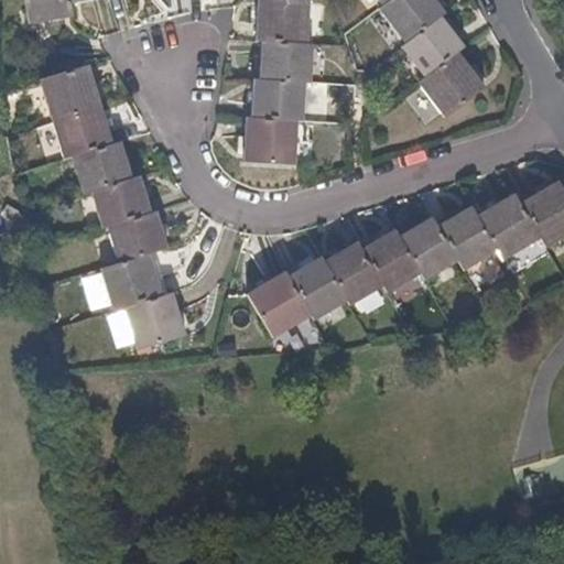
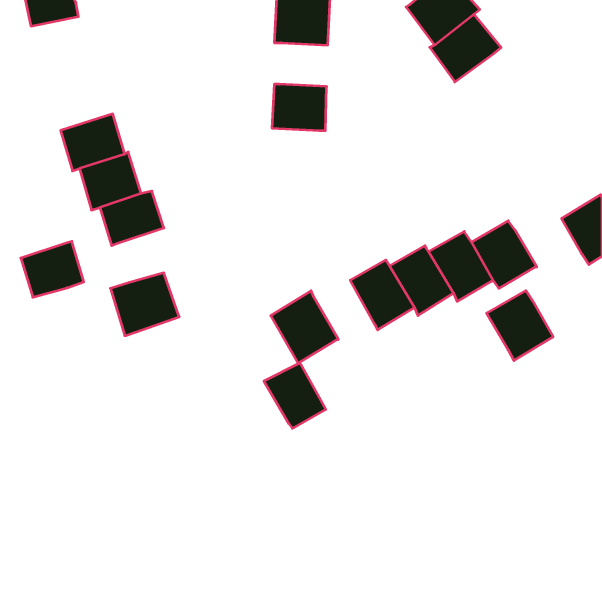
building: [259,40,310,80] -> none
building: [416,50,486,117] -> none
building: [42,62,105,121] -> none
building: [245,119,296,164] -> none
building: [478,193,540,258] -> [487,291,553,361]
building: [109,210,167,262] -> [21,241,84,297]
building: [291,259,348,319] -> [264,363,326,428]
building: [126,292,186,350] -> none

